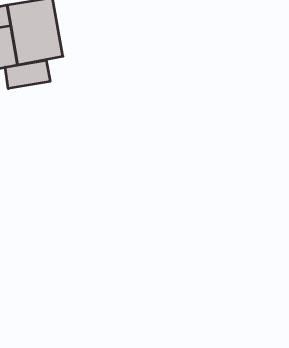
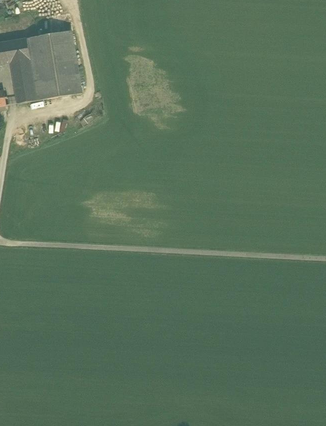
building: [5,60,50,89] -> none

